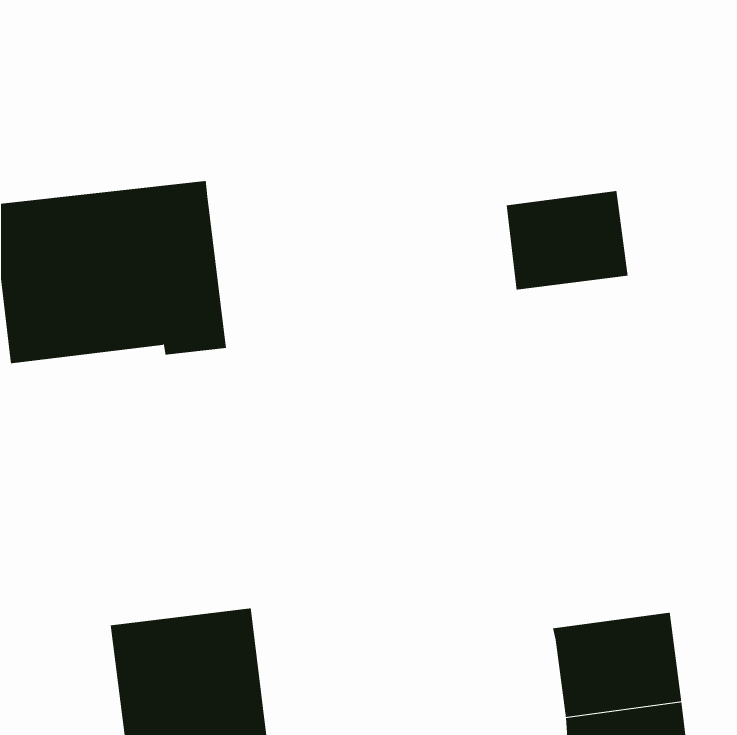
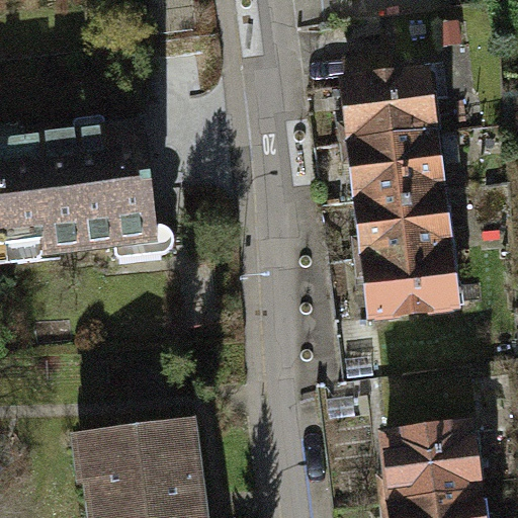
building: none -> [347,73,433,146]
building: none -> [362,195,455,319]

